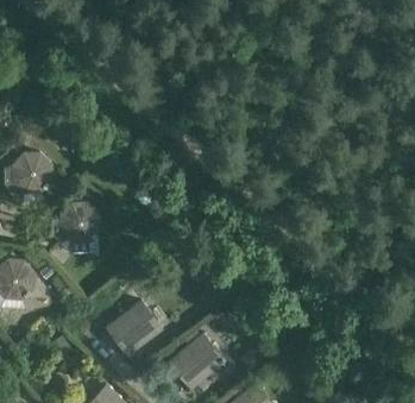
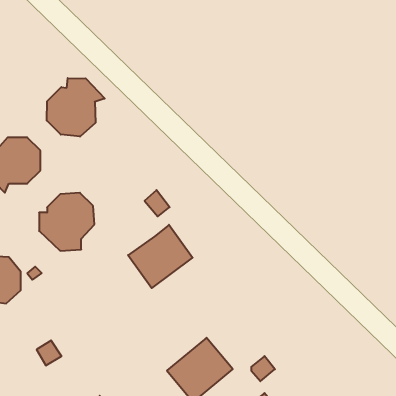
building: none -> [47,78,105,137]
building: [105,300,163,357] -> [128,225,193,288]

